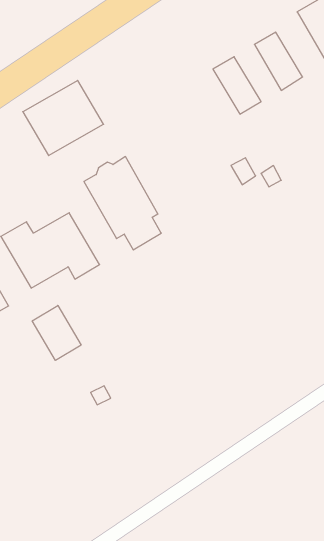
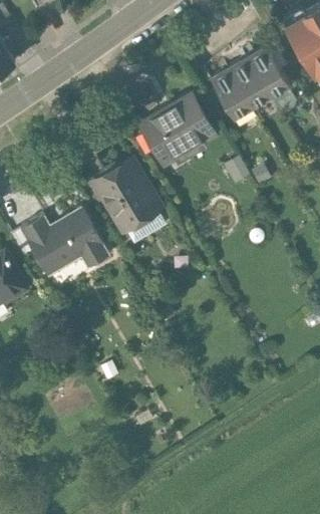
building: none -> [229,56,271,107]
building: [23,80,104,156] -> [141,96,214,164]
building: [32,305,81,360] -> none

